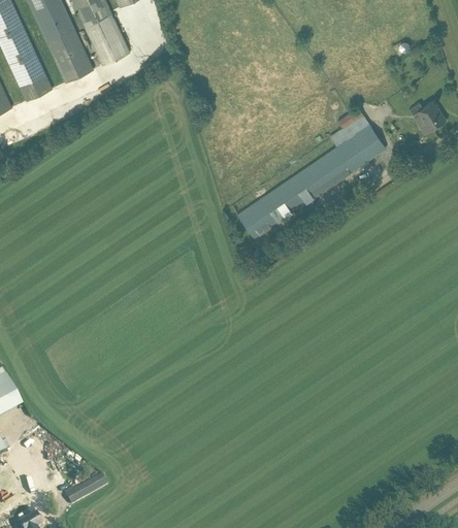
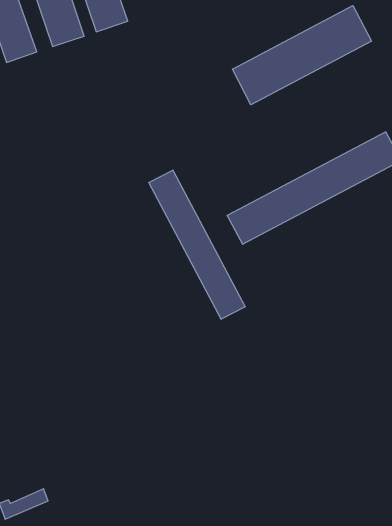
building: none -> [232,6,371,105]
building: none -> [149,170,245,319]

